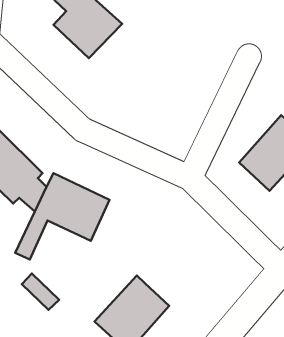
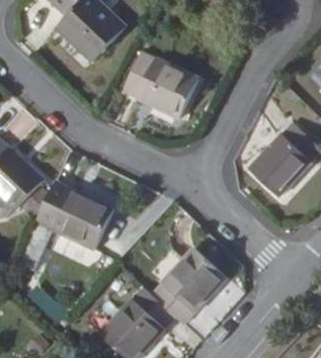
building: none -> [121,50,199,119]
building: none -> [150,247,227,324]

